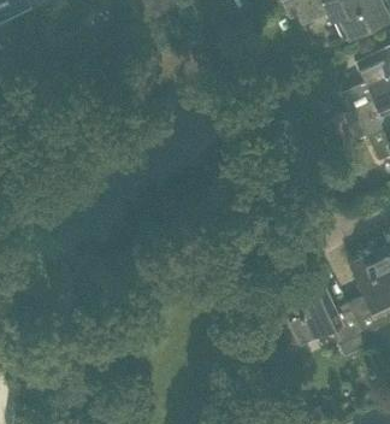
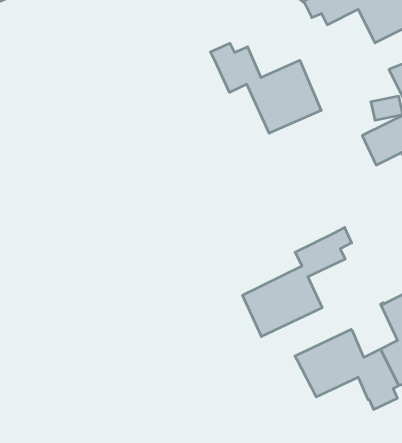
building: none -> [210,43,321,133]
building: none -> [243,227,352,337]

